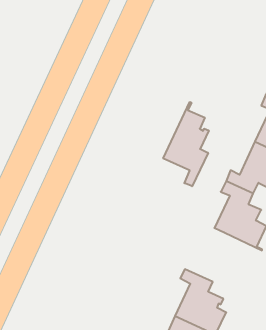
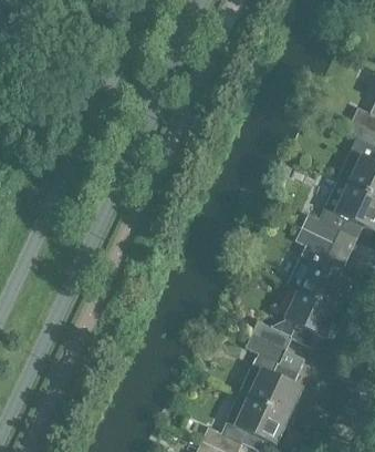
building: [163,102,209,186] -> none
building: none -> [252,290,347,351]

